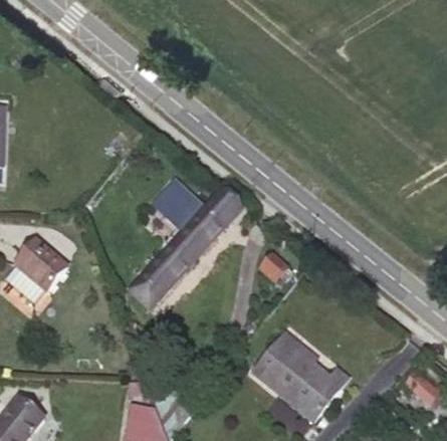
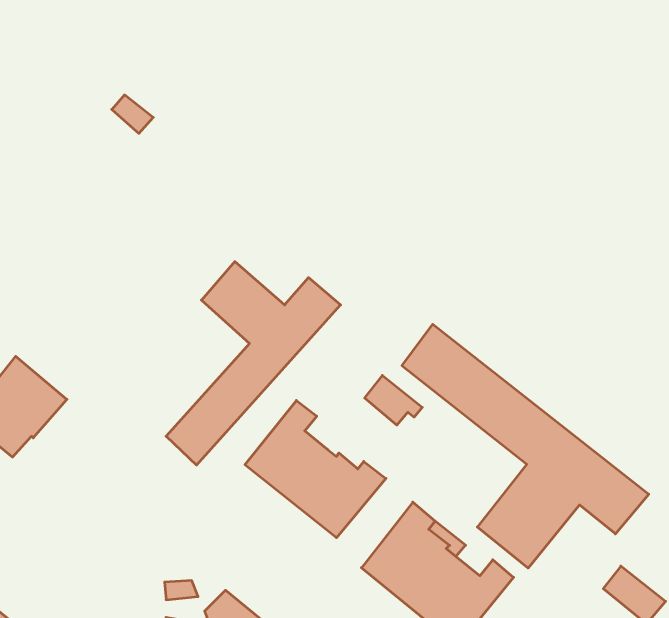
building: none -> [402,324,649,568]
building: none -> [245,400,386,538]

